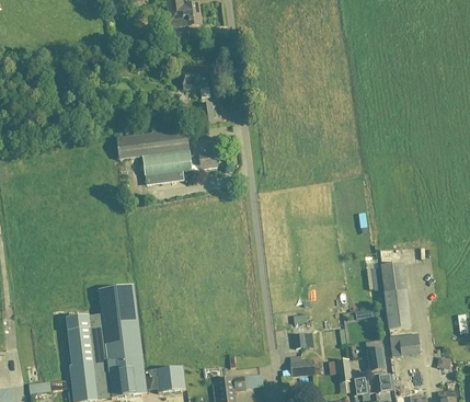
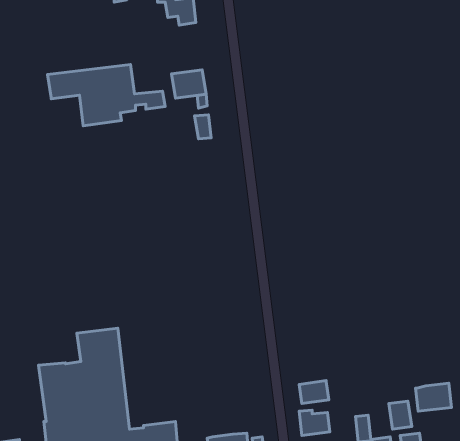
building: [116,129,217,182] -> [47,64,165,126]
building: [381,263,410,330] -> none

